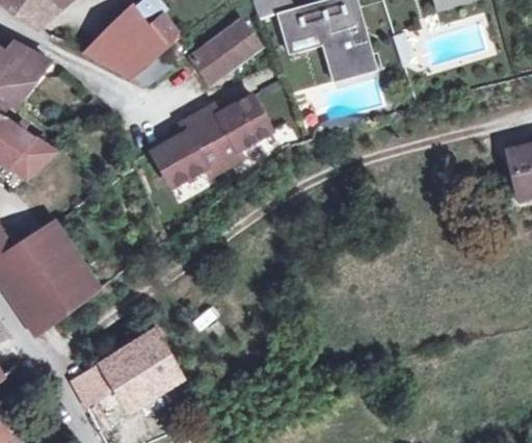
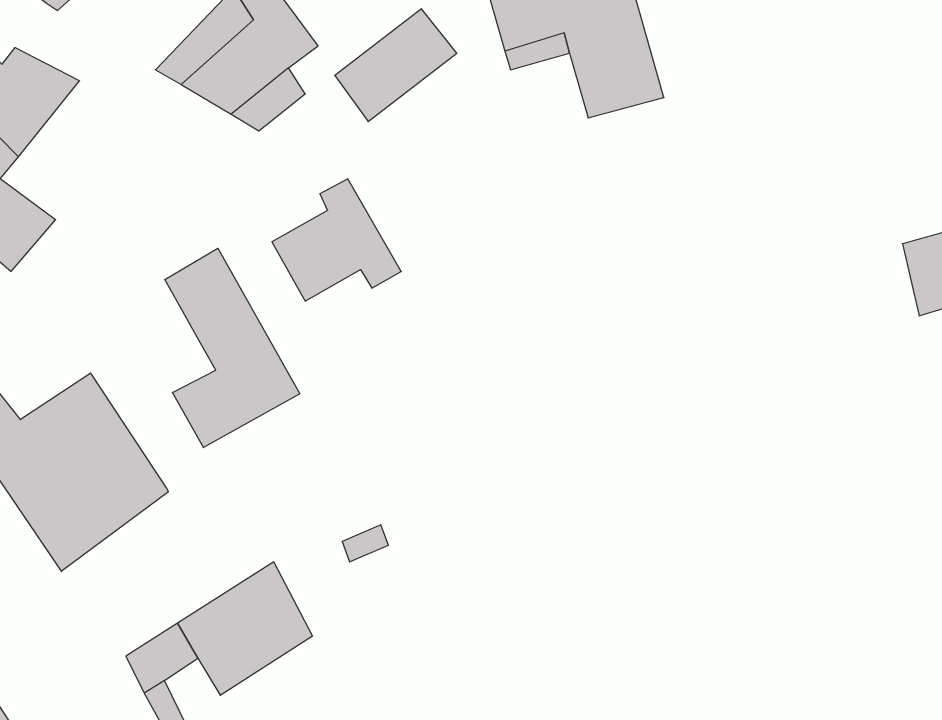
building: [196,95,269,166] -> none
building: [7,137,52,178] -> none
building: none -> [165,248,300,448]

